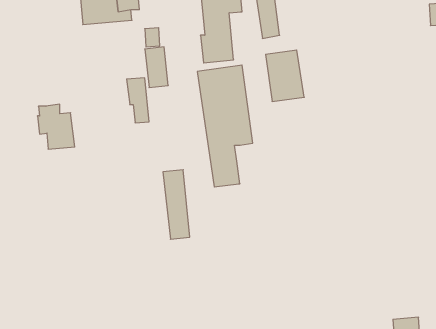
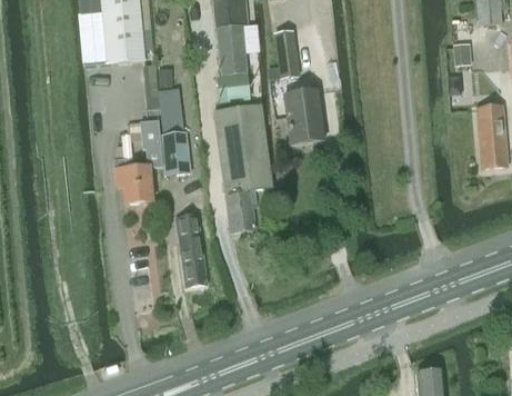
building: none -> [161,131,189,174]
building: [37,104,75,149] -> [112,155,151,201]

